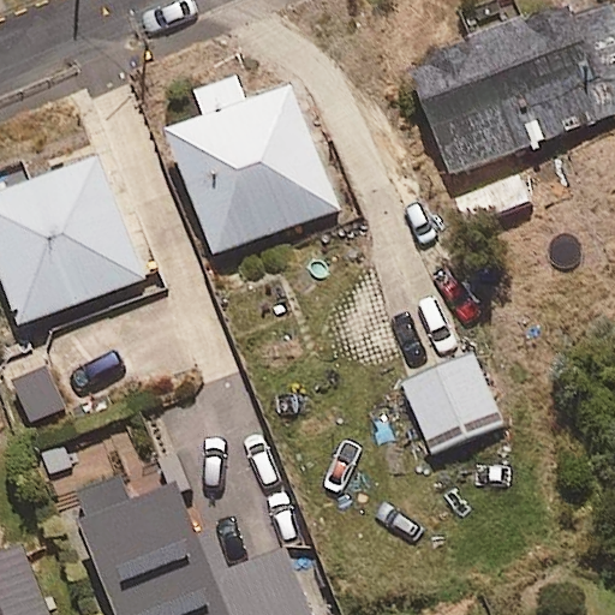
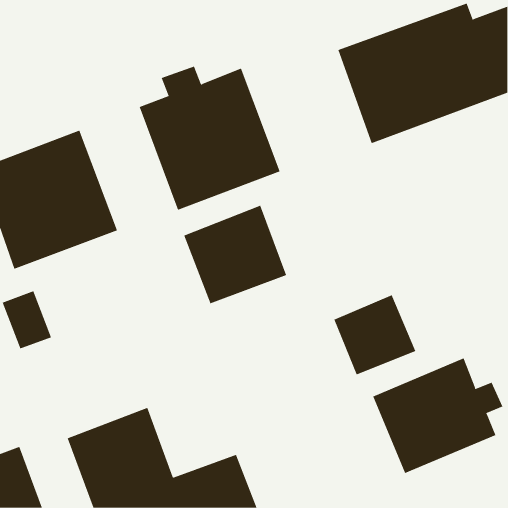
building: none -> [184,205,287,304]
building: none -> [372,358,503,474]

